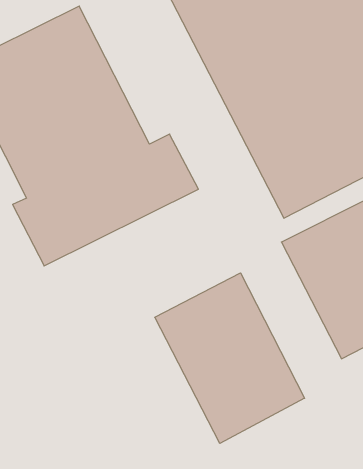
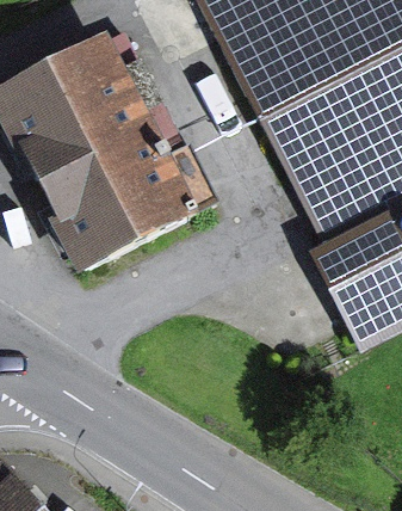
building: [155,273,305,443] -> none

